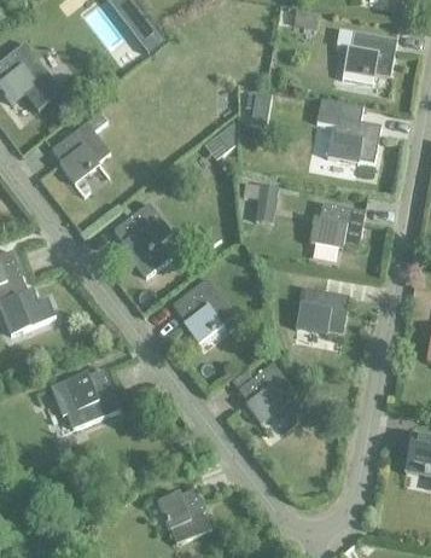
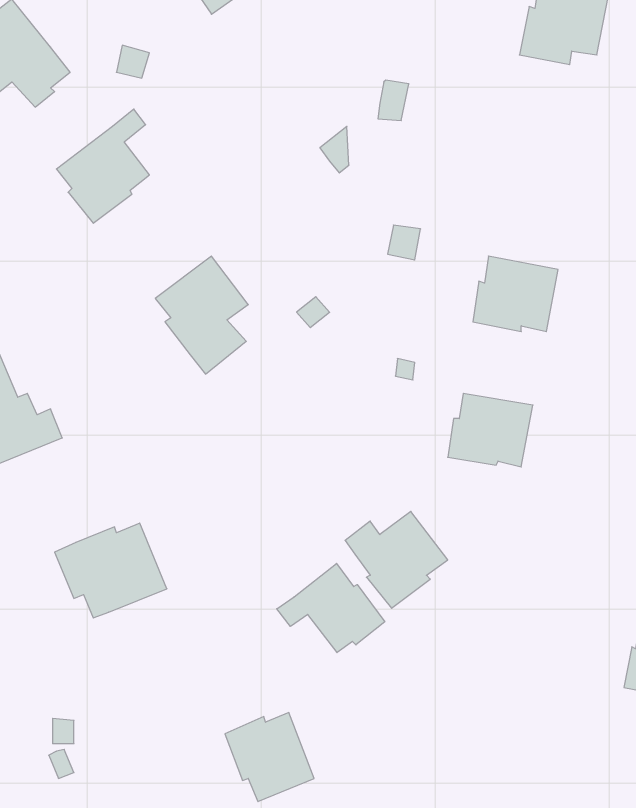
building: [316,99,380,163] -> none
building: [175,283,233,343] -> none
building: none -> [277,563,385,653]

